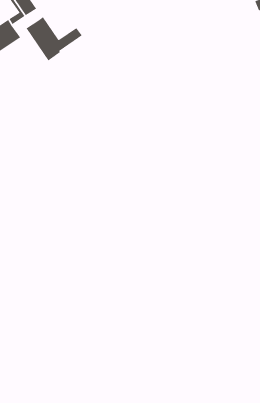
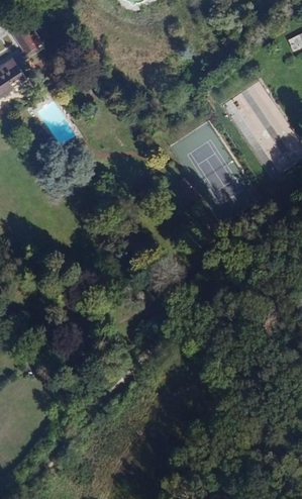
building: [25,16,83,62] -> none

